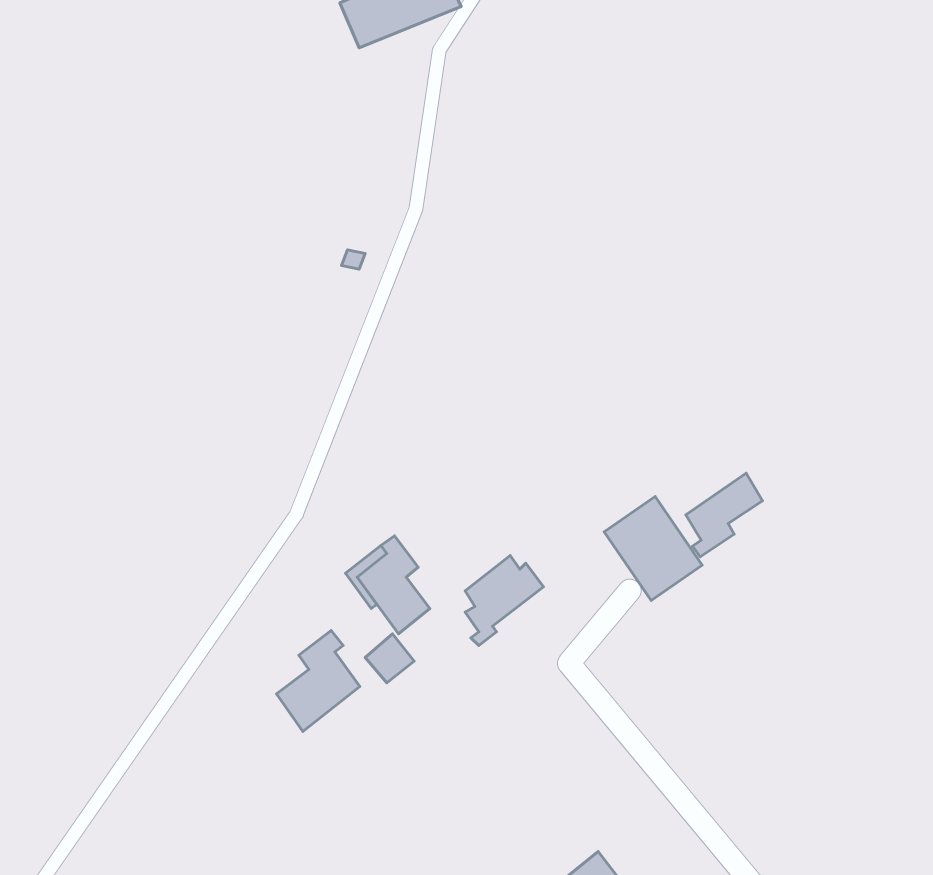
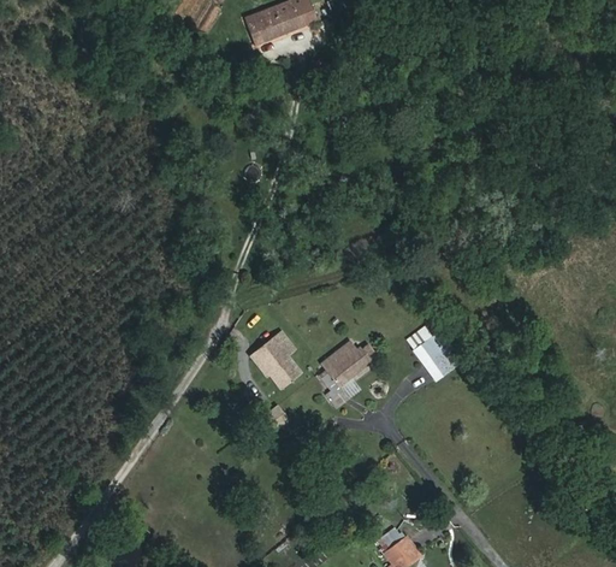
building: [686,473,762,557] -> none
building: [276,631,360,731] -> none

